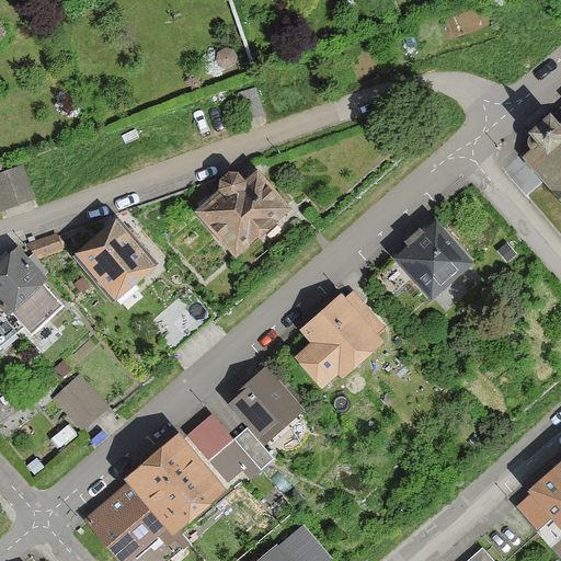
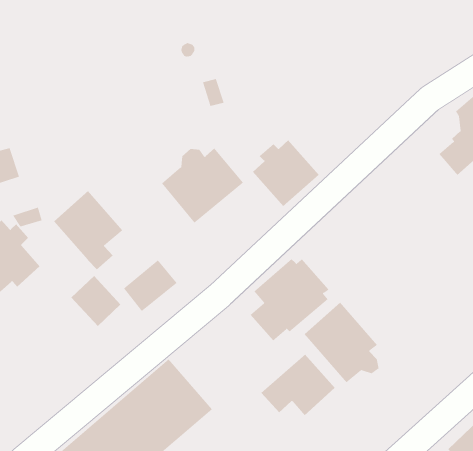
building: [397,224,472,299] -> [252,140,319,207]
building: none -> [304,302,379,383]
building: [216,373,300,443] -> [261,354,335,416]
building: [56,376,113,434] -> [71,275,121,327]

